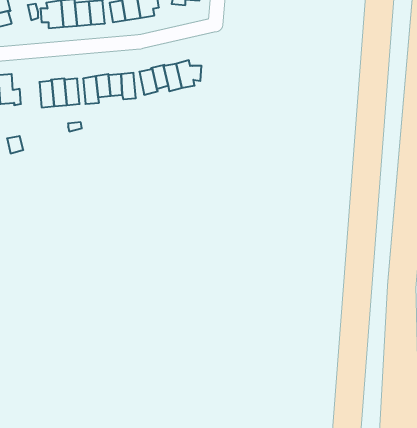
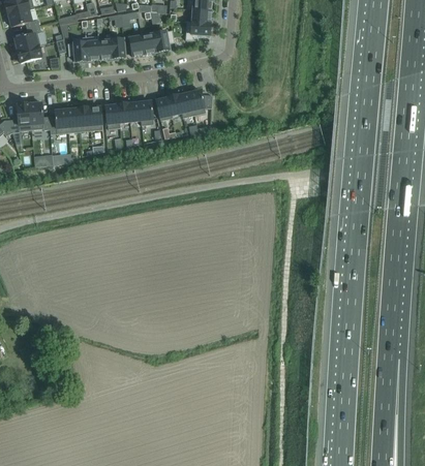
building: none -> [49,110,68,134]

